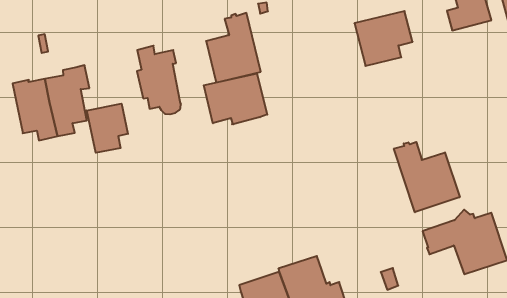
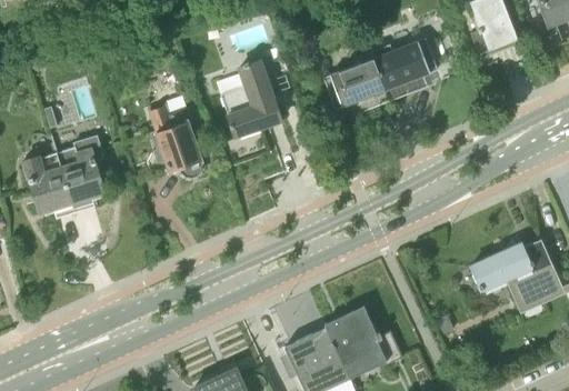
building: none -> [323,58,391,116]
building: [204,74,267,124] -> none
building: [87,104,128,153] -> none
building: [394,142,460,212] -> none

